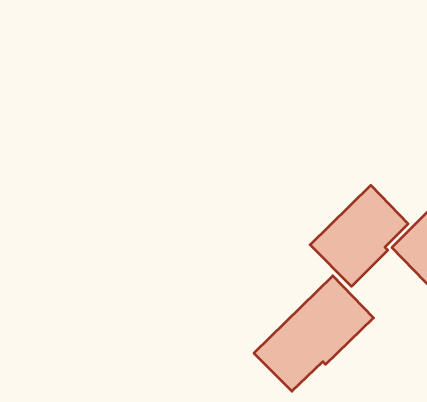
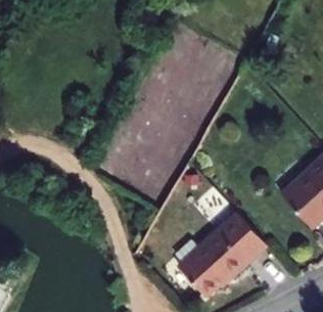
building: [310,185,408,286] -> none

